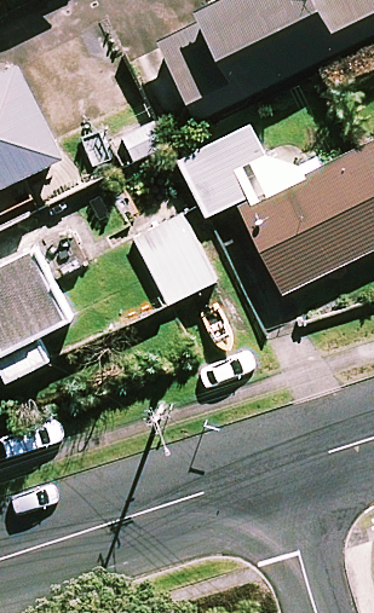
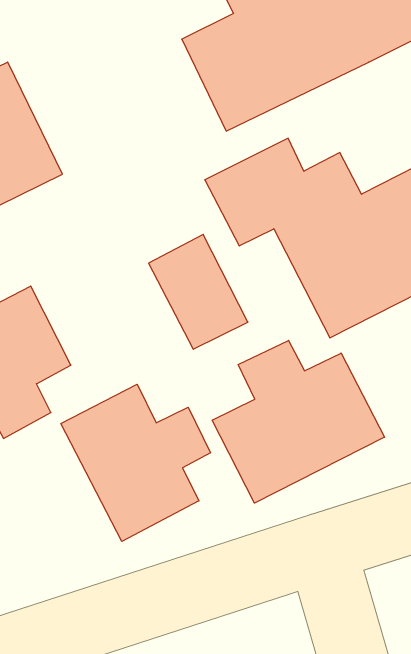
building: none -> [212,340,385,503]
building: none -> [61,384,210,541]

